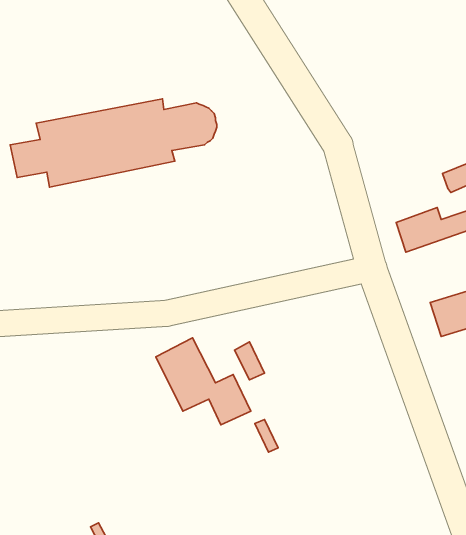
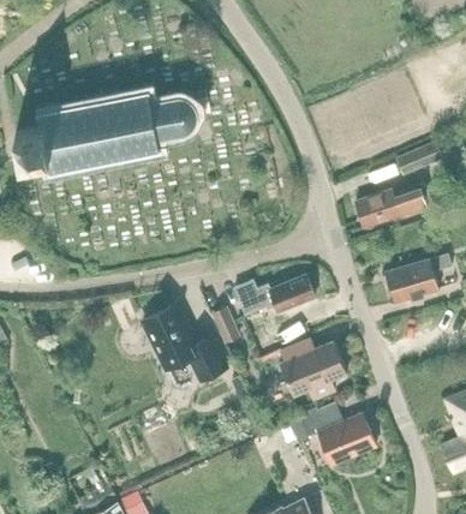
building: none -> [234,275,315,315]
building: none -> [279,339,346,401]
building: none -> [291,404,376,465]

